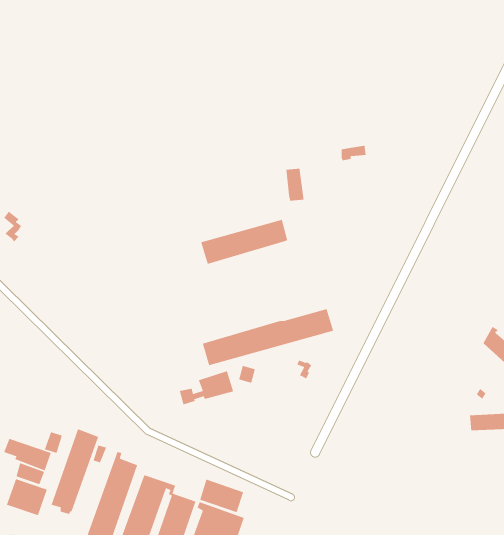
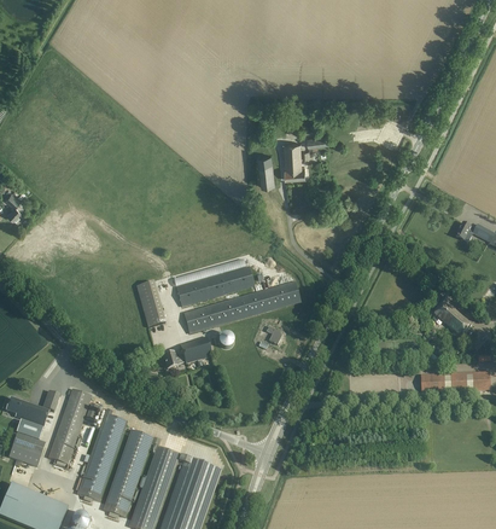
building: none -> [284,141,304,179]
building: [200,219,288,265] -> [175,266,253,307]
building: none -> [135,280,164,326]
building: [199,479,244,513] -> none

